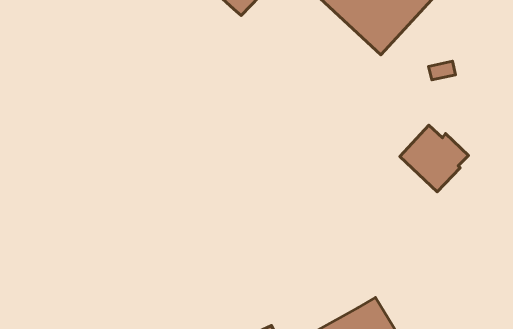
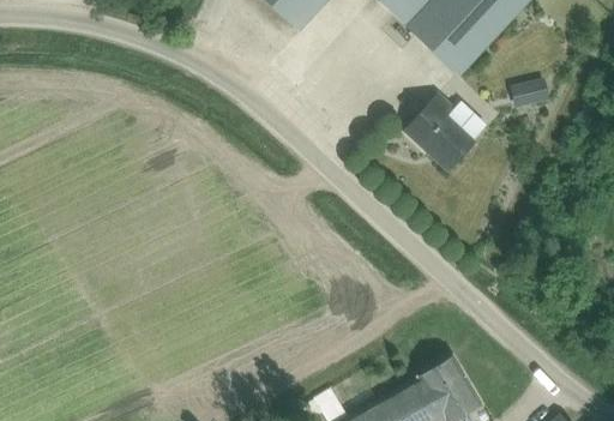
building: [400,125,468,192] -> [405,94,484,170]

